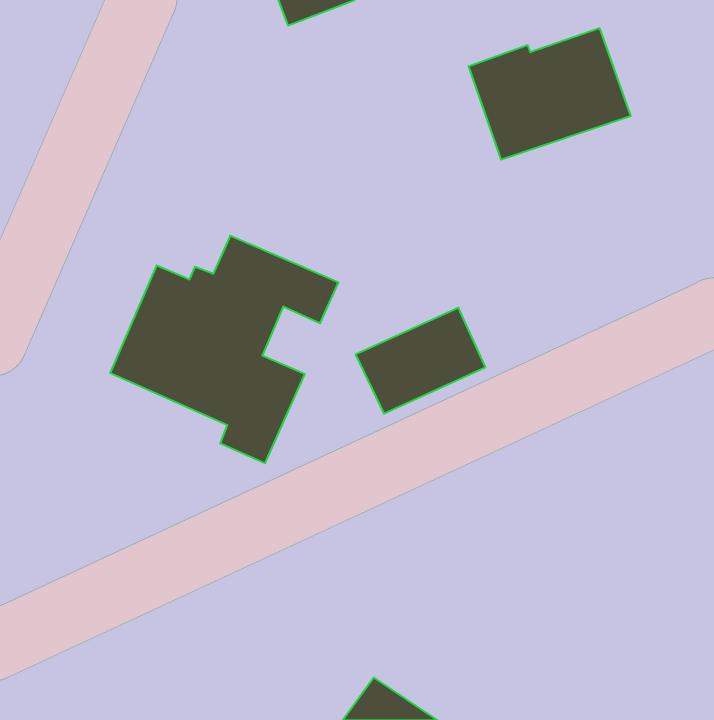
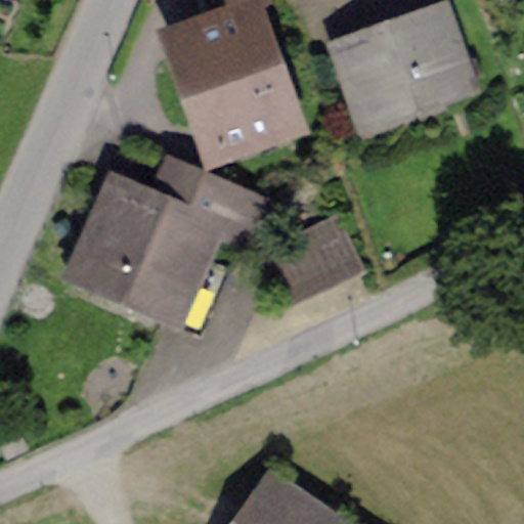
building: none -> [177,19,279,148]

